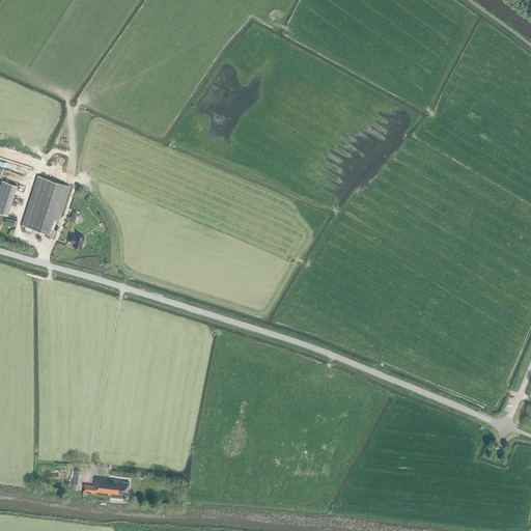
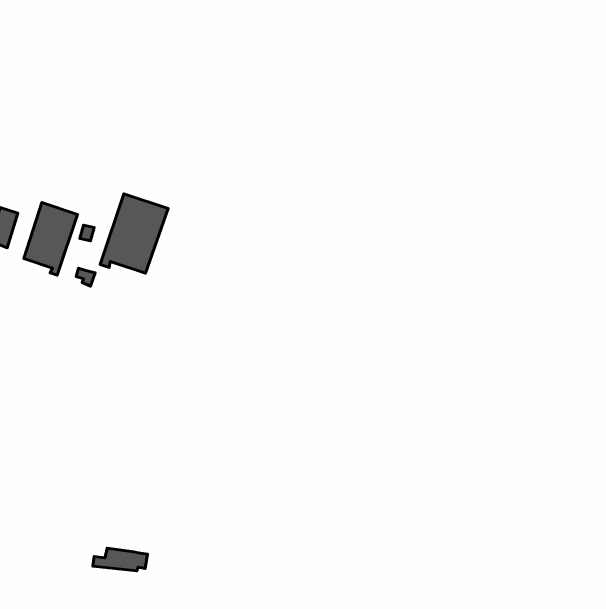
building: none -> [100,194,168,273]

